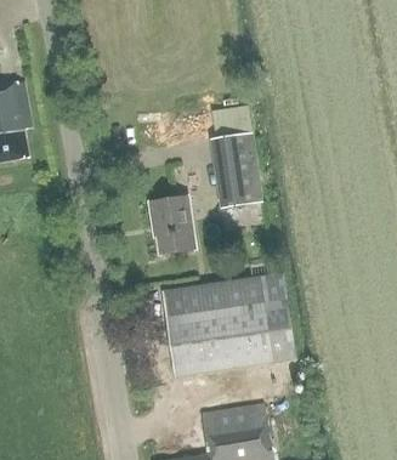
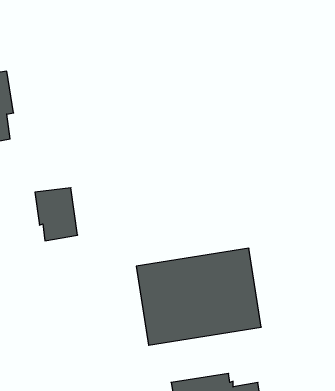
building: [210,132,265,208] -> none
building: [148,195,194,252] -> [35,188,78,241]

